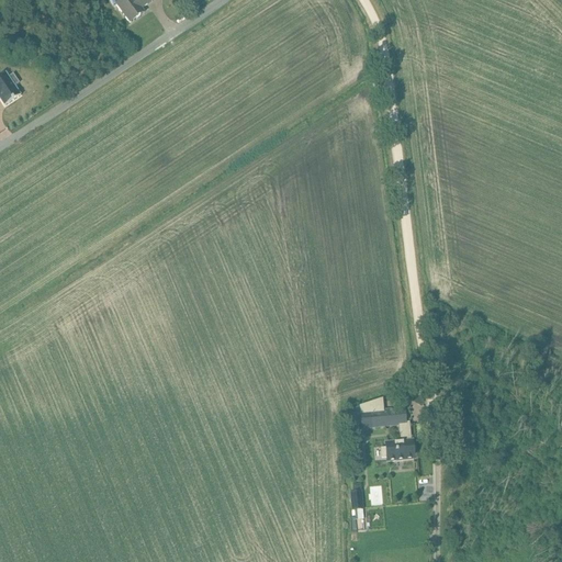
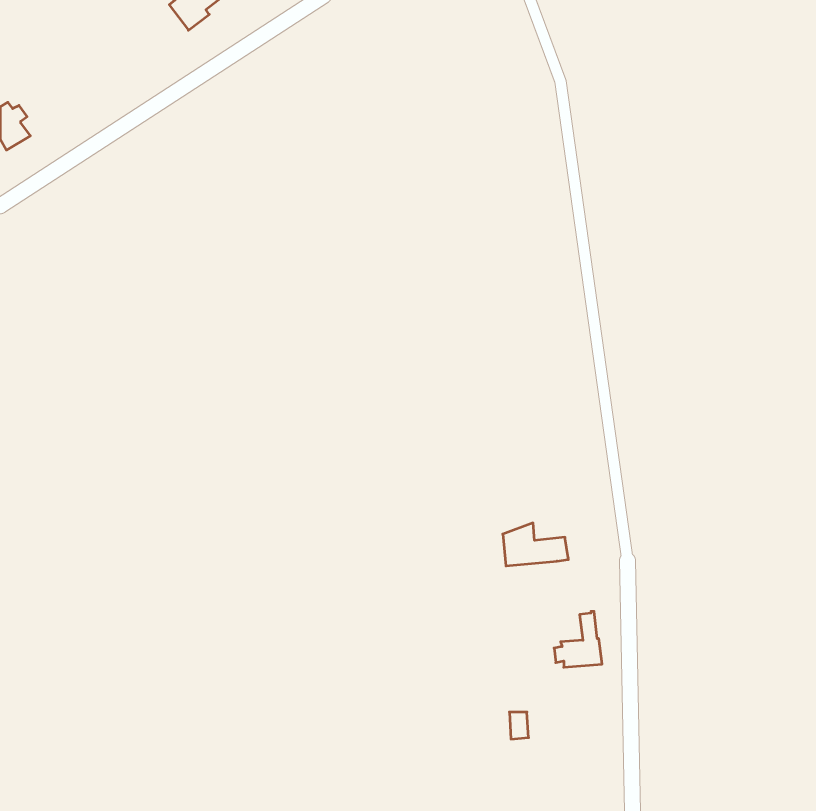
building: [361,396,406,426] -> [503,523,568,566]

